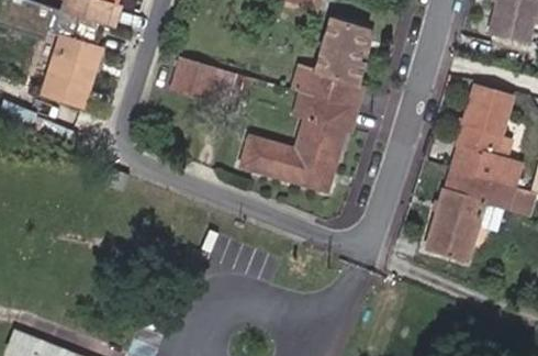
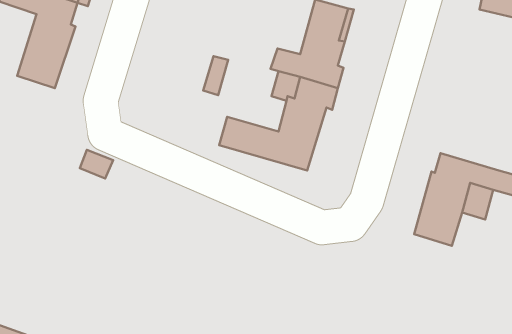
building: [172,59,213,100] -> none
building: [451,78,514,188] -> none

